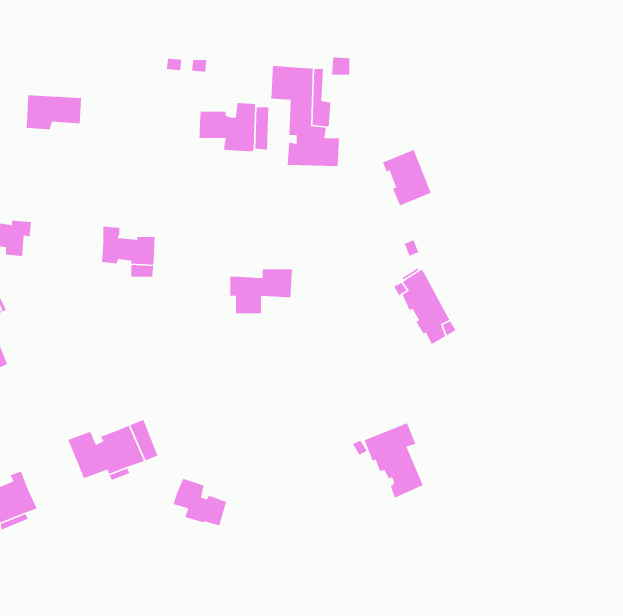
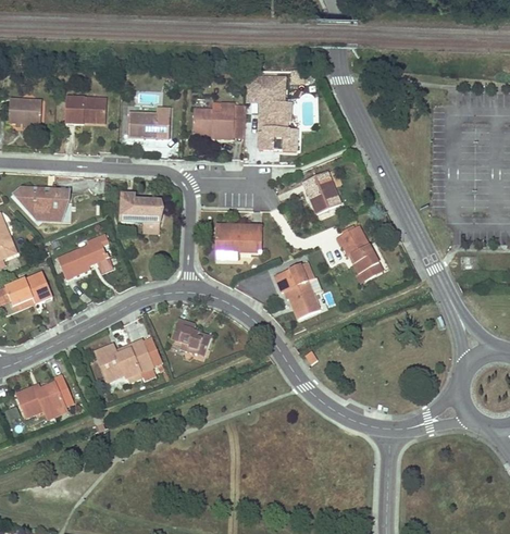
building: none -> [128,108,170,137]
building: [382,149,432,206] -> [303,172,340,214]
building: none -> [58,234,109,280]
building: [363,422,424,499] -> [275,262,320,319]
building: [173,478,227,527] -> [171,319,211,355]

